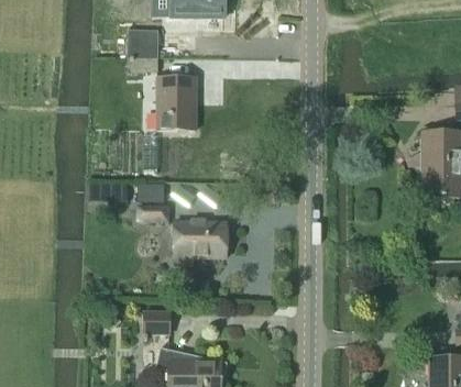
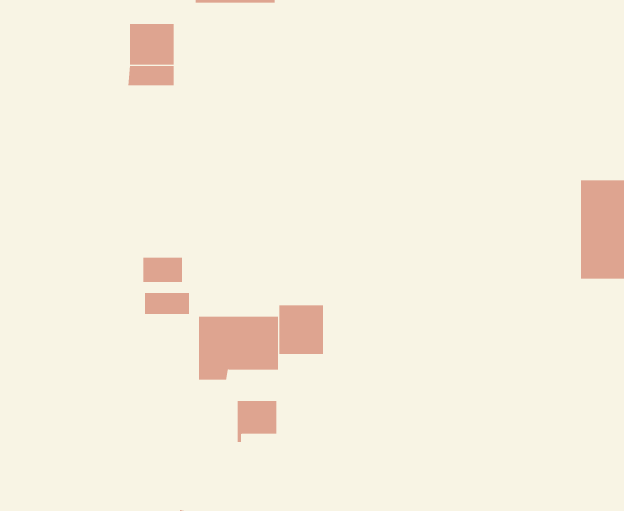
building: [156,75,195,129] -> none
building: none -> [279,305,323,355]
building: [143,310,169,338] -> [237,401,277,443]

